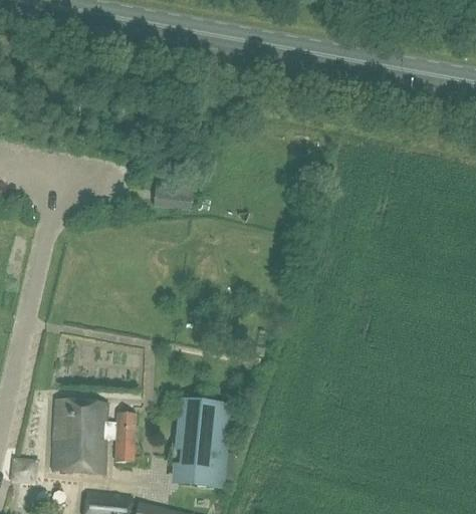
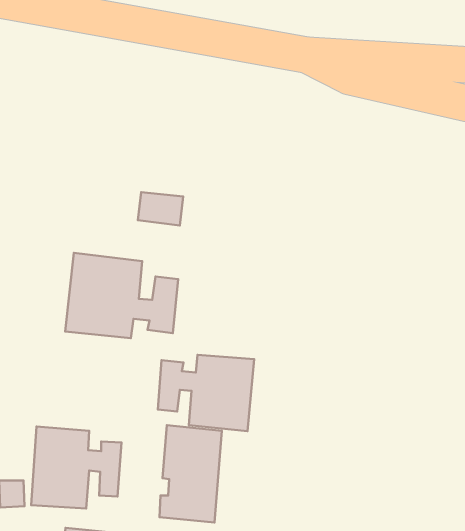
building: none -> [65,253,178,338]
building: none -> [158,355,254,431]

